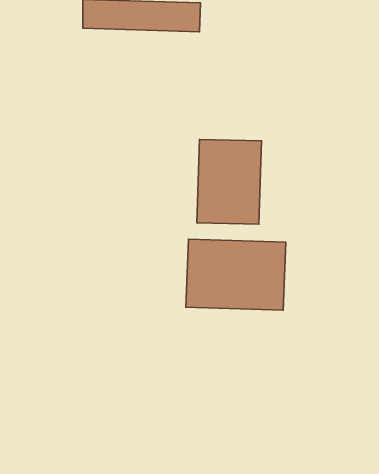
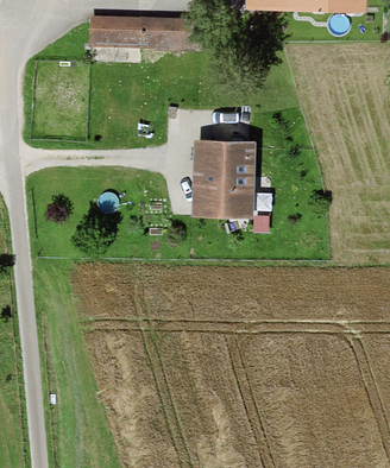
building: [186,239,286,310] -> none

